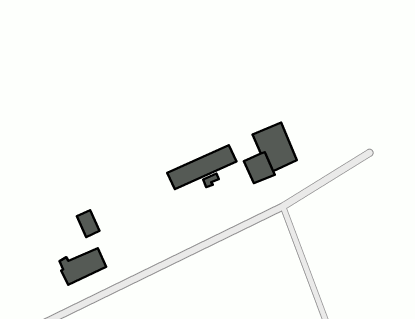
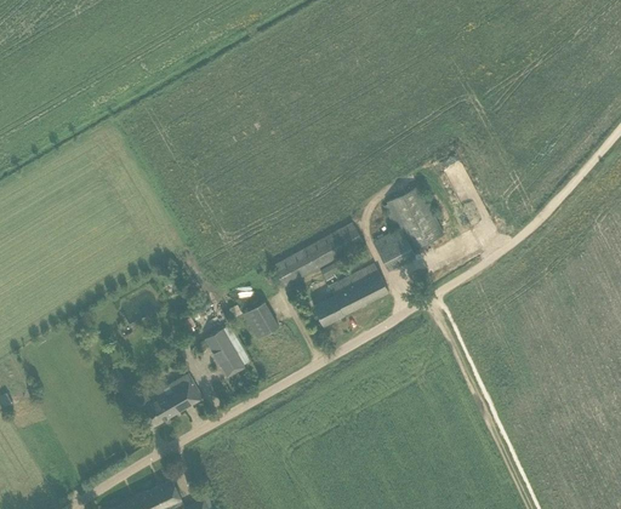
building: none -> [313,262,388,325]
building: none -> [241,299,278,337]
building: [77,210,99,237] -> [205,326,237,362]

